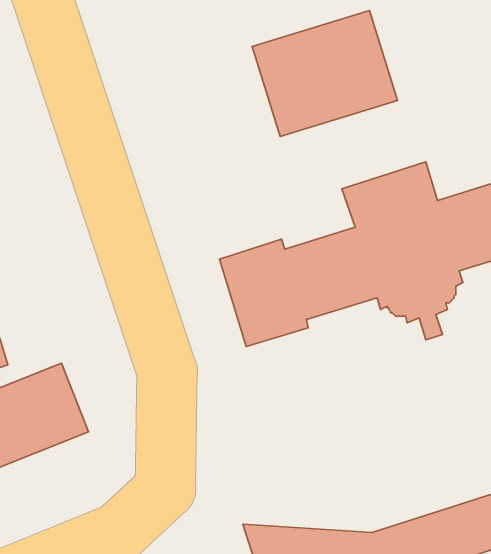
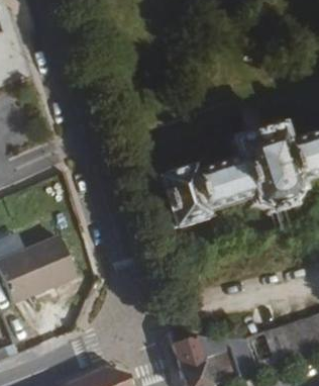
building: [252,11,398,137] -> none

